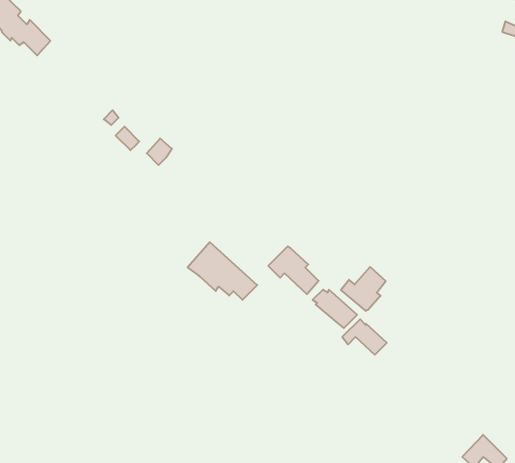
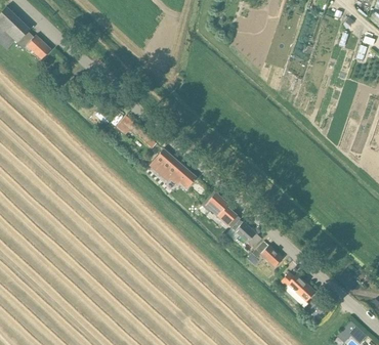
building: [188,242,257,300] -> [149,148,197,188]
building: [341,267,386,311] -> none
building: none -> [281,272,315,301]

